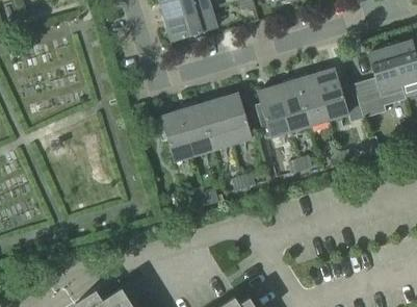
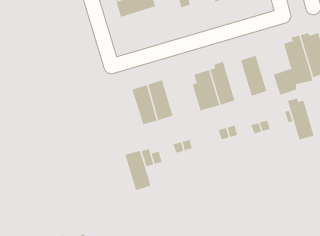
building: [167,8,217,42] -> none
building: [295,73,330,125] -> [287,98,315,140]
building: [219,94,253,144] -> none
building: [161,111,194,161] -> [125,150,151,191]

